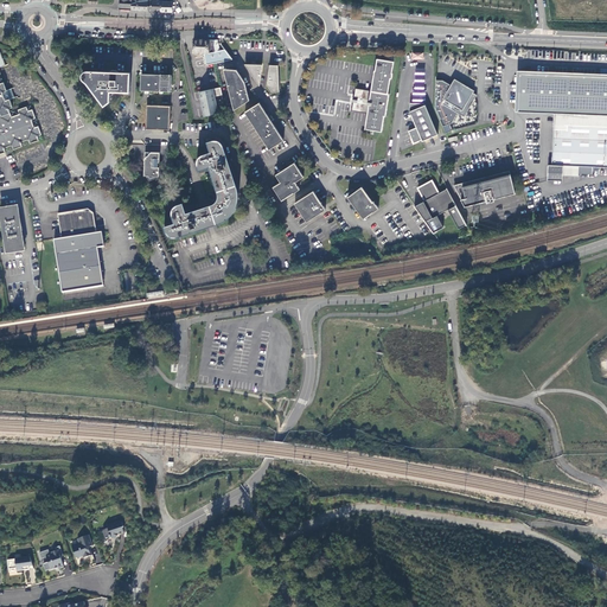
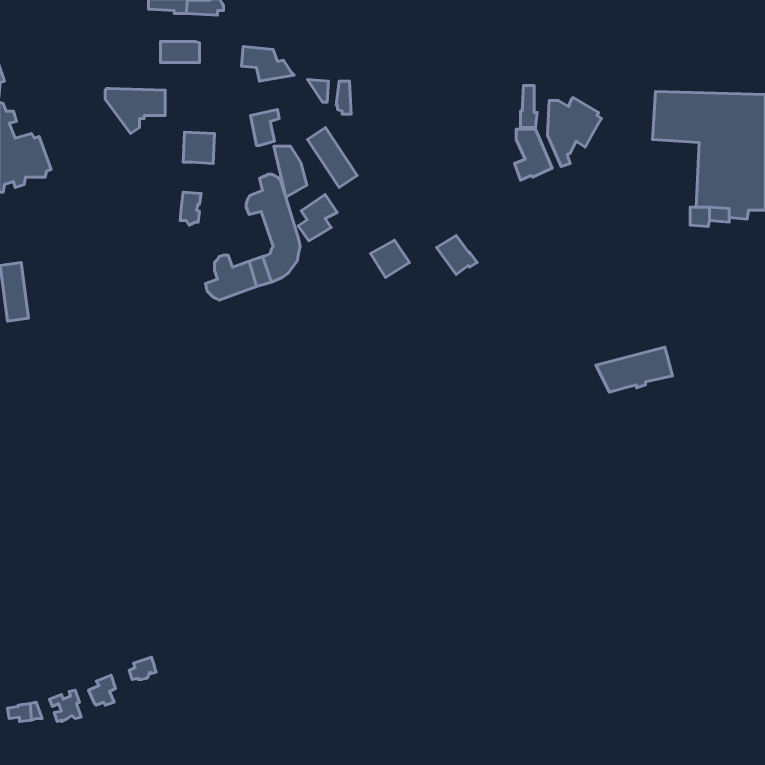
building: [351,58,392,130] -> none
building: [222,68,248,108] -> [274,146,307,197]
building: [140,74,171,90] -> [161,41,200,62]
building: [271,161,302,198] -> [298,194,337,241]
building: [453,171,513,206] -> [596,347,672,392]
building: [413,179,454,221] -> none
building: [53,211,103,294] -> none

